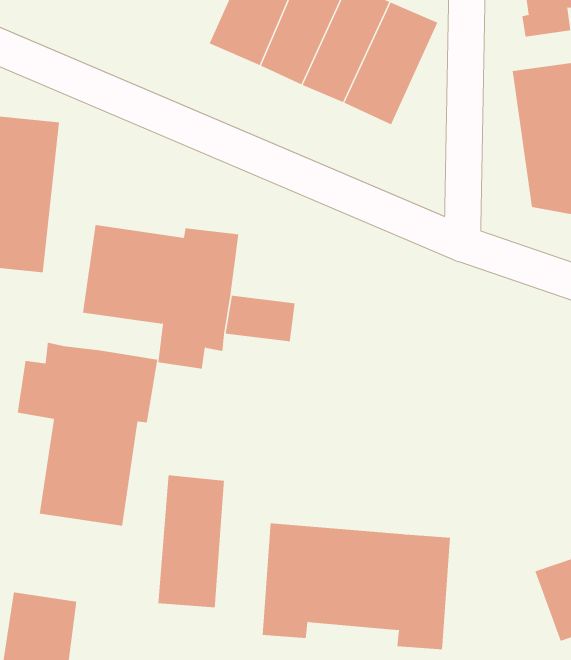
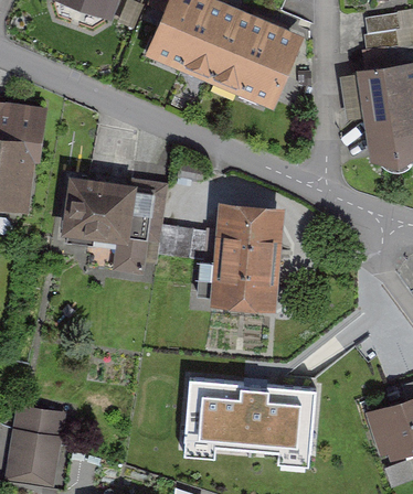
building: none -> [212,200,280,308]
building: [17,342,158,526] -> none
building: [158,474,225,608] -> none
building: none -> [12,407,60,436]

